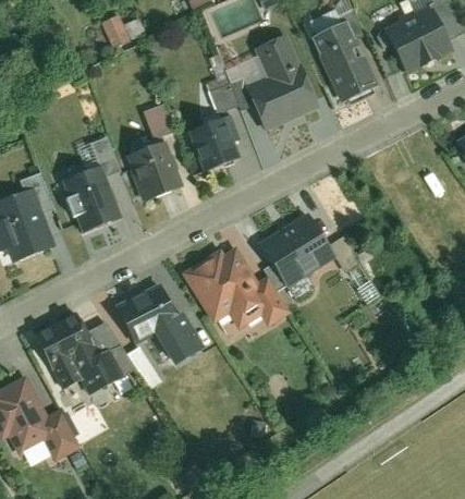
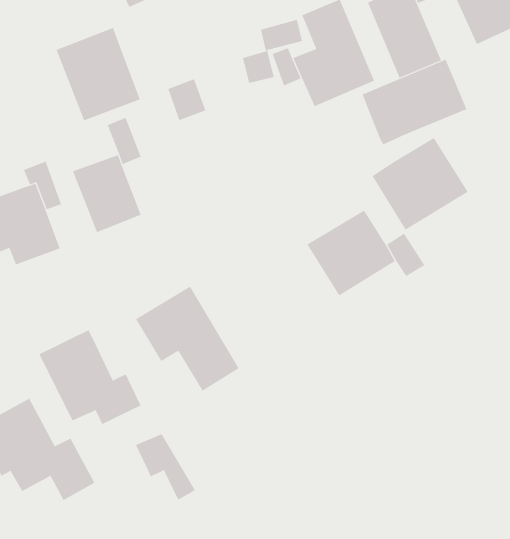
building: none -> [56,27,140,121]
building: none -> [362,59,467,145]
building: [188,119,240,171] -> none
building: [126,141,181,200] -> none
building: none -> [372,137,469,230]
building: [184,246,290,331] -> none
building: [84,320,135,377] -> [135,433,196,500]

